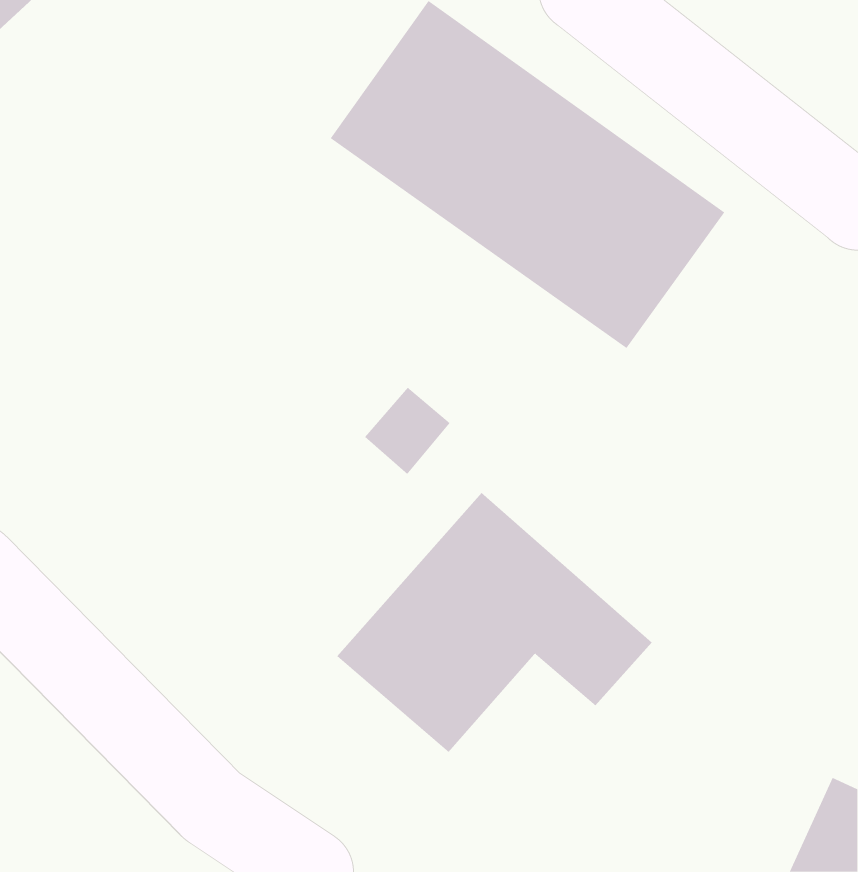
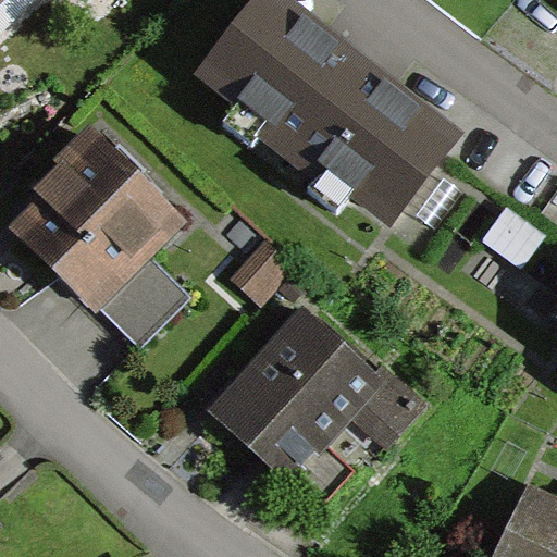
building: none -> [14,128,190,339]

